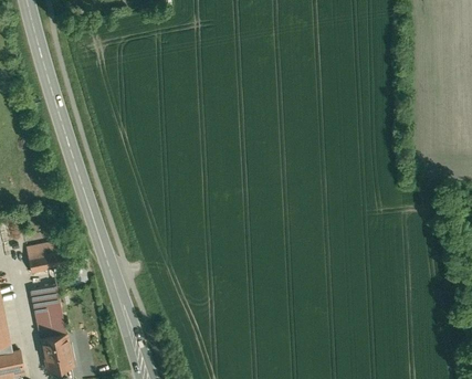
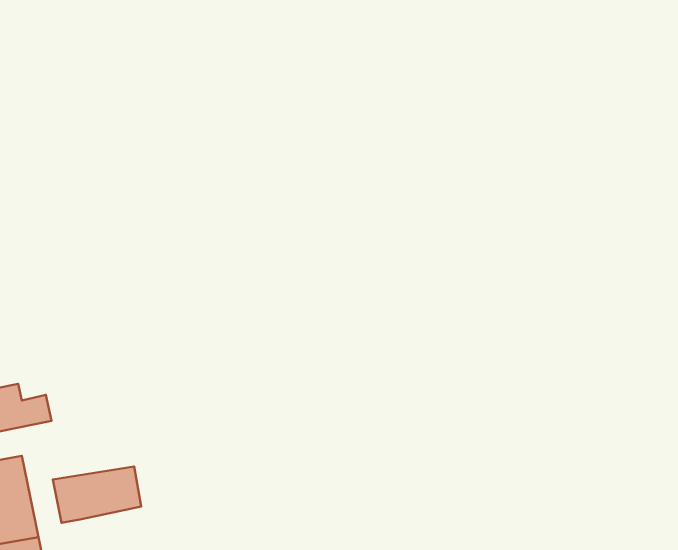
building: none -> [53,466,141,523]

